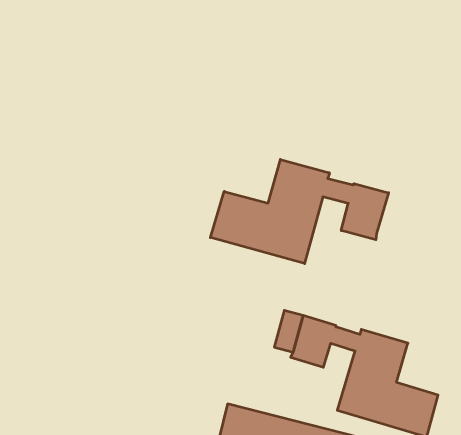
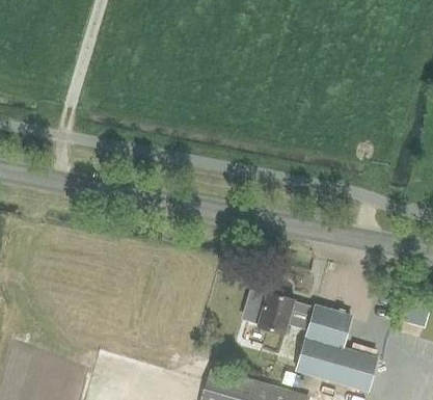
building: [210,159,389,264] -> none

